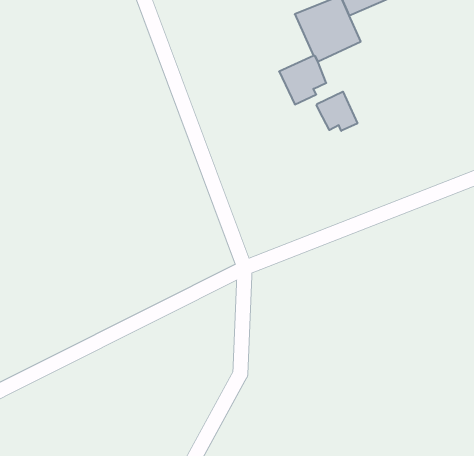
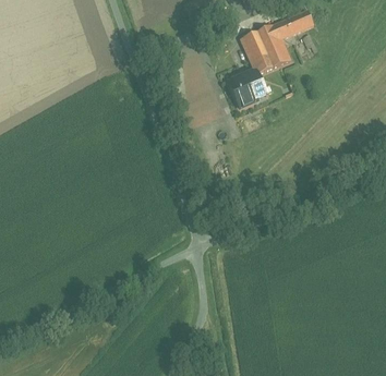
building: [317,92,357,131] -> none

